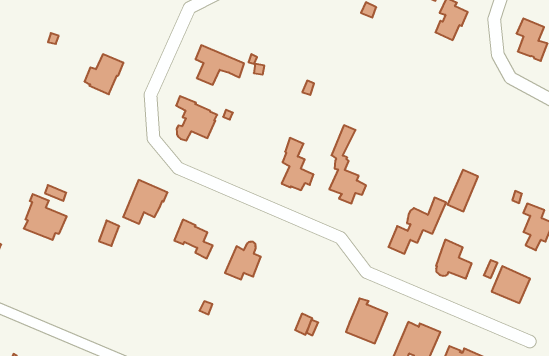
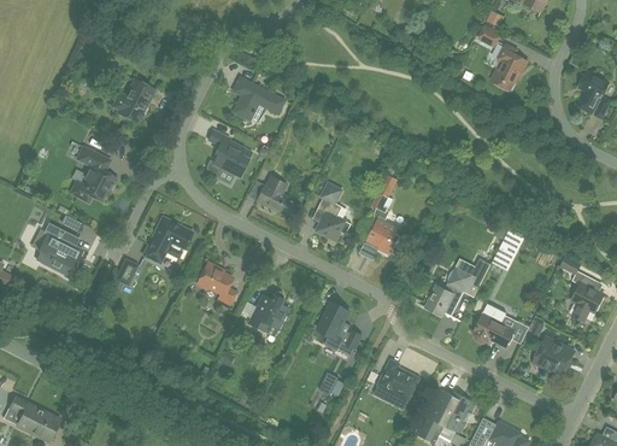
building: none -> [69,146,116,201]
building: none -> [255,176,294,215]
building: none -> [316,301,360,354]

